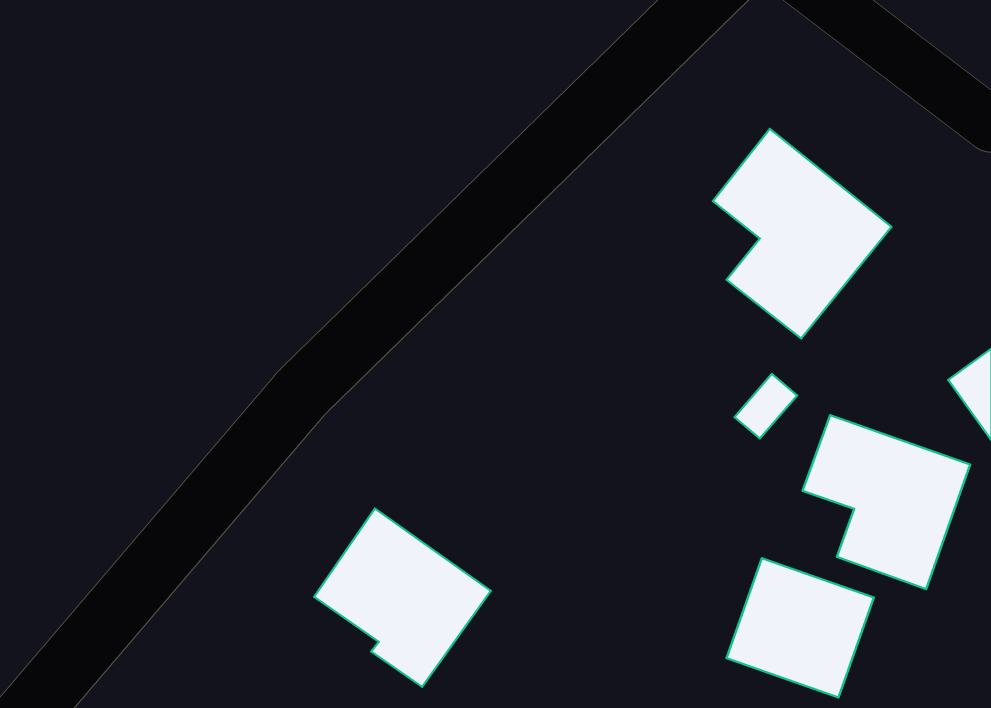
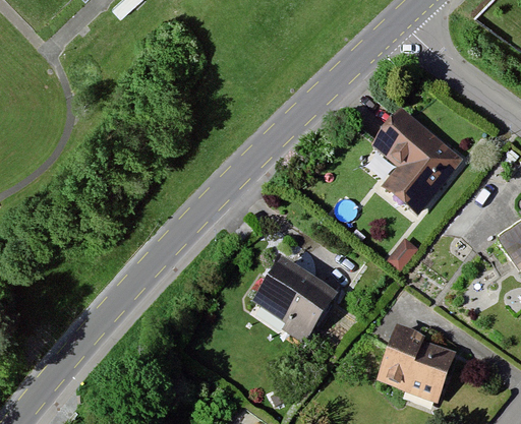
building: [802,415,970,589] -> none
building: [314,508,491,687] -> [248,254,340,347]

